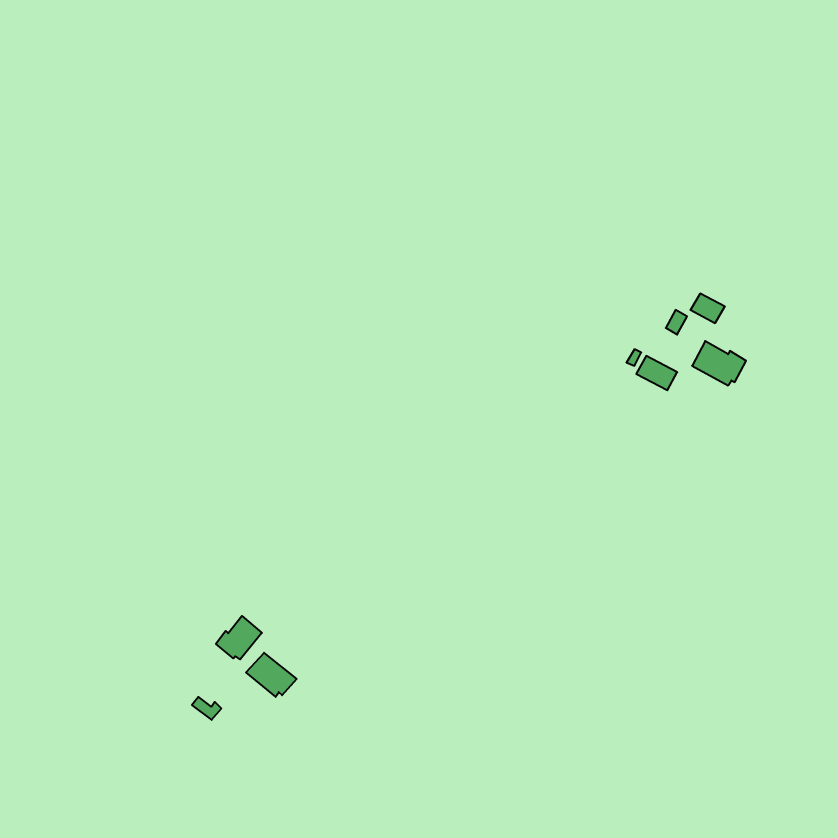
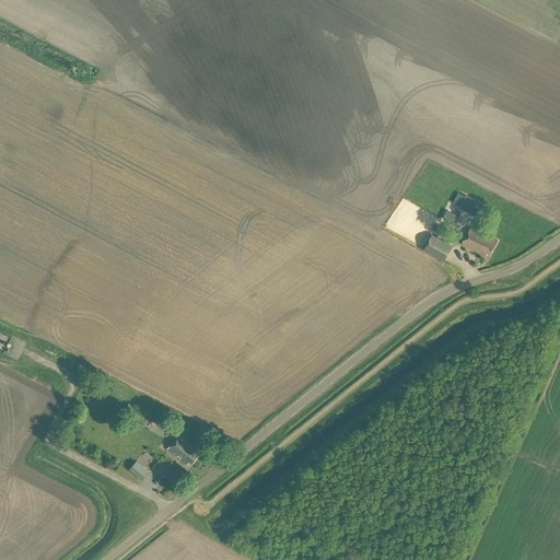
building: [216,616,262,659] -> none

